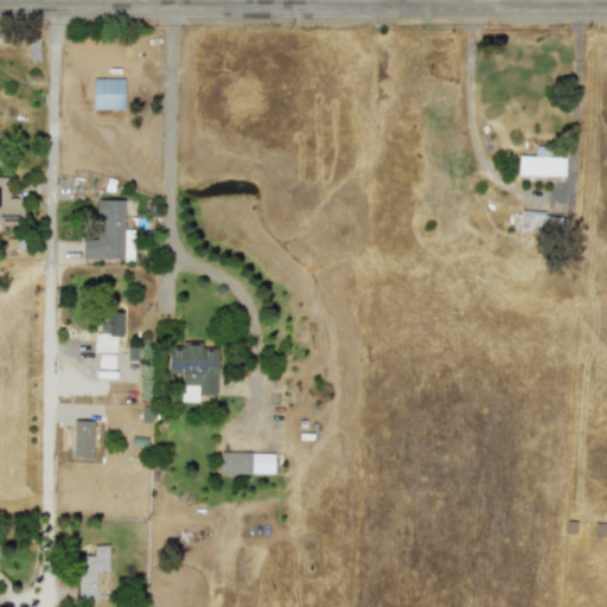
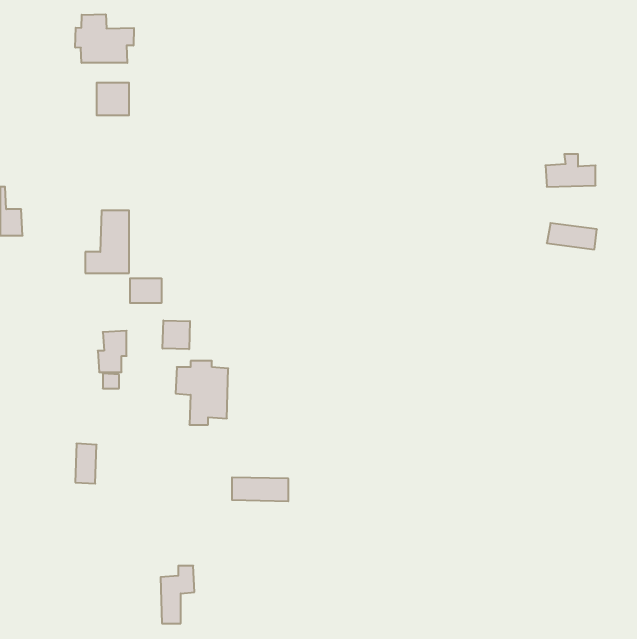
building: none -> [75,14,134,63]
building: none -> [130,278,161,303]
building: none -> [163,320,190,349]
building: [79,547,111,601] -> [161,566,194,623]

